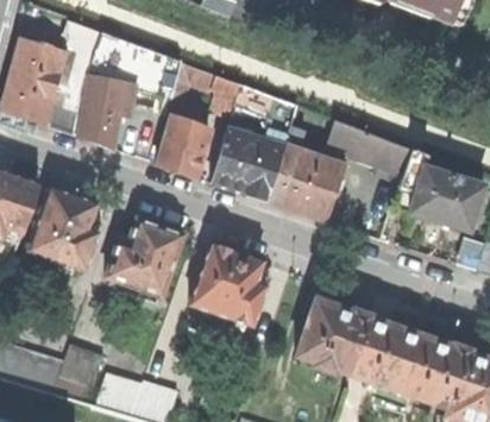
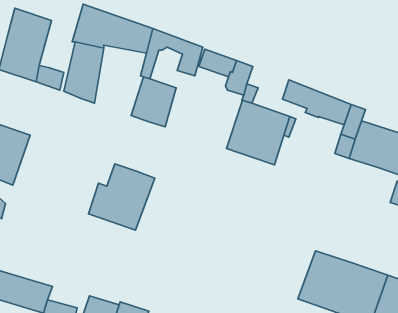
building: [213,131,285,202] -> none
building: [30,190,102,271] -> none
building: [191,246,271,327] -> none
building: [295,301,371,377] -> none
building: [59,346,105,388] -> none

